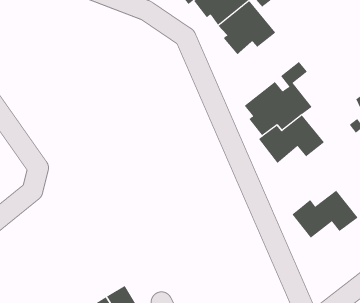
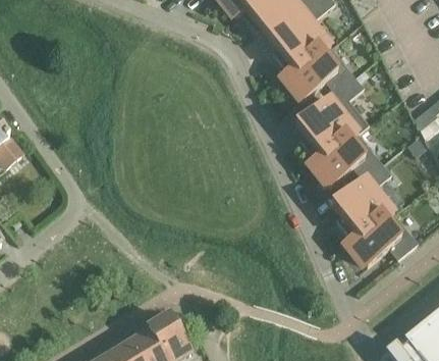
building: none -> [282,45,353,98]
building: none -> [330,162,393,236]

